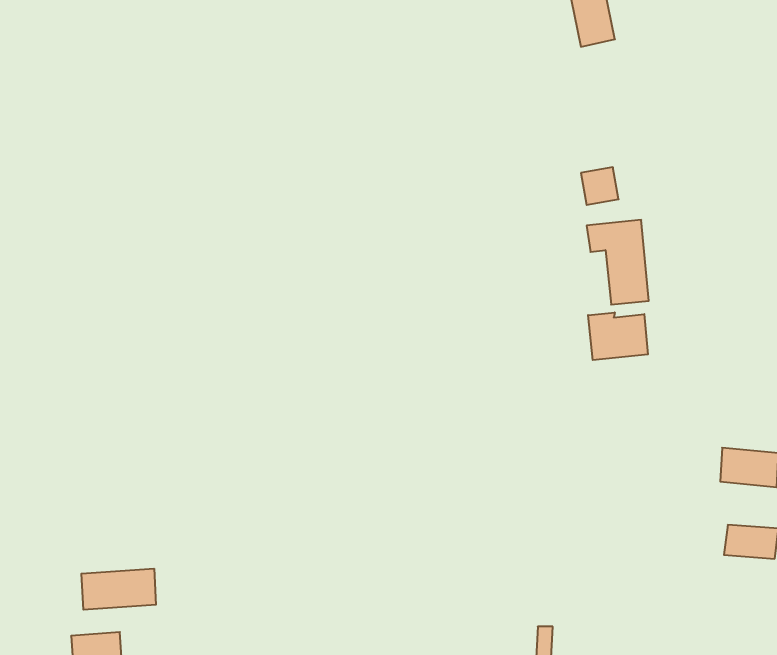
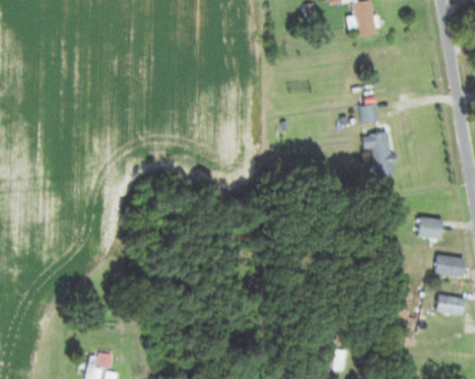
building: [588,312,648,360] -> none
building: none -> [417,217,443,238]
building: [81,569,156,610] -> none

